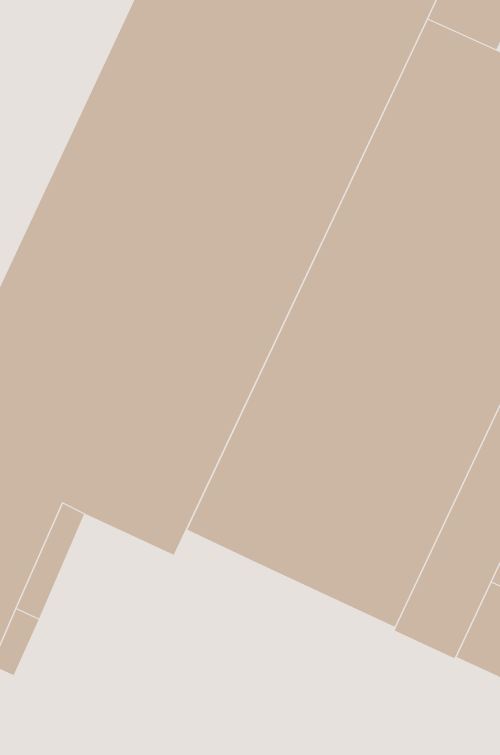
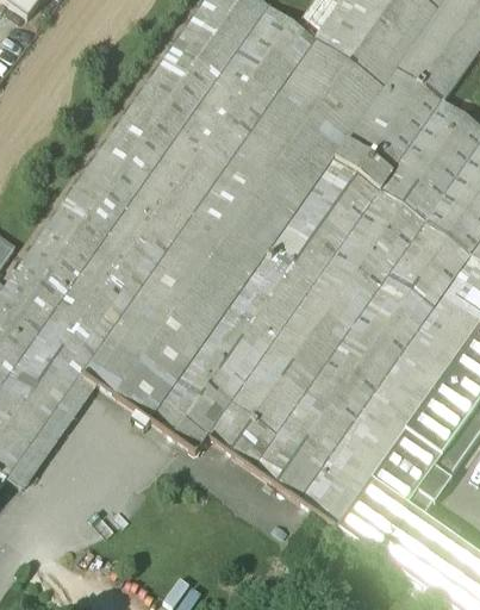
building: none -> [151,399,208,448]

